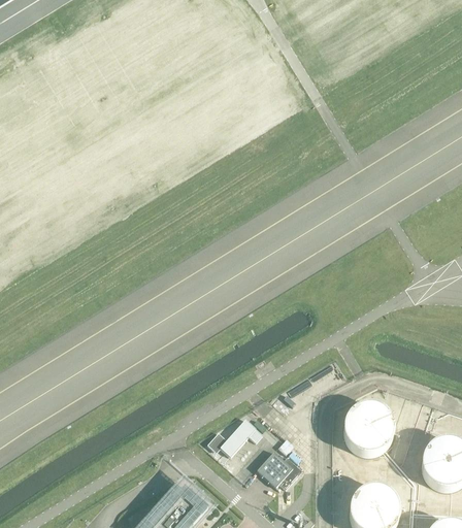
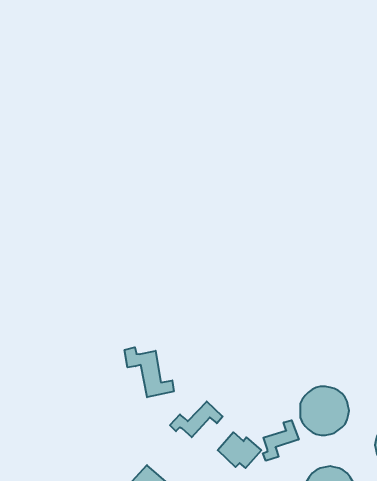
building: none -> [125,347,174,397]
building: none -> [263,420,299,461]

